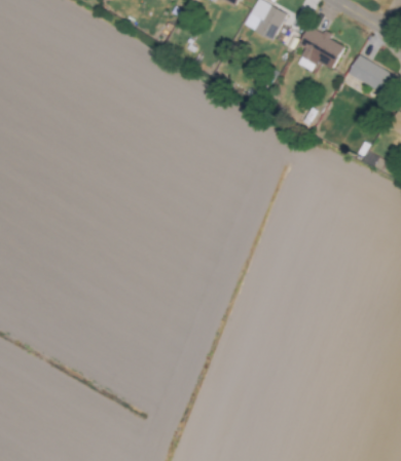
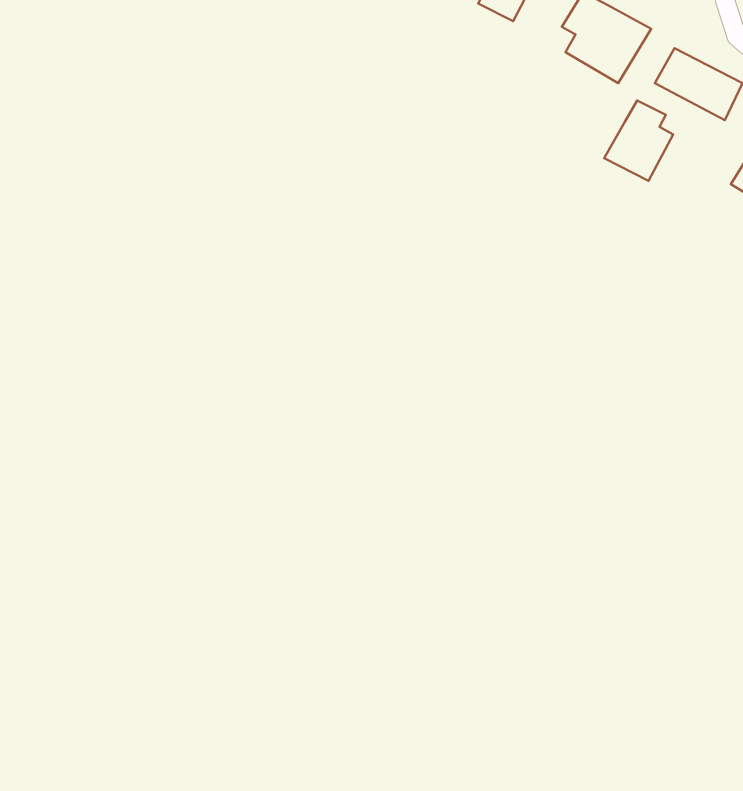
building: none -> [604,100,673,181]

